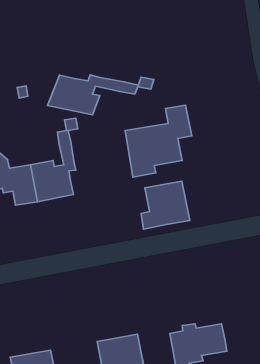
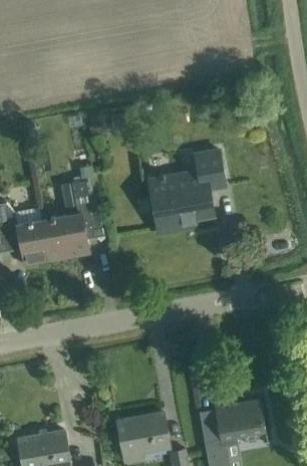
building: [48,75,154,115] -> none
building: [141,181,190,229] -> none

